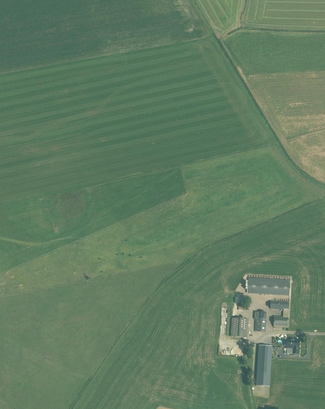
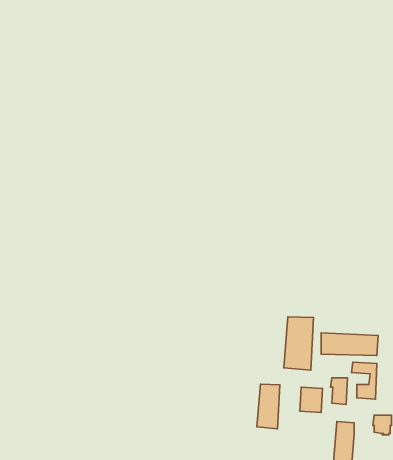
building: none -> [284,317,313,370]
building: none -> [257,384,280,429]

